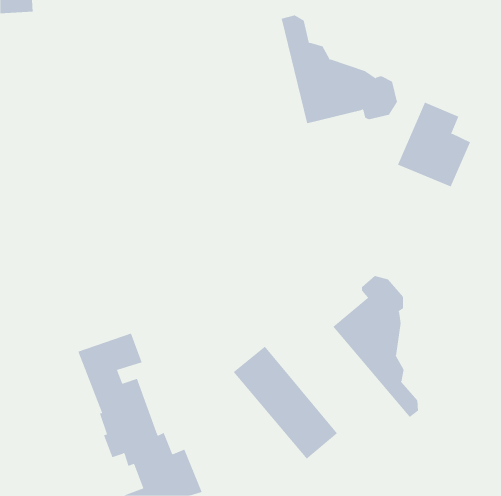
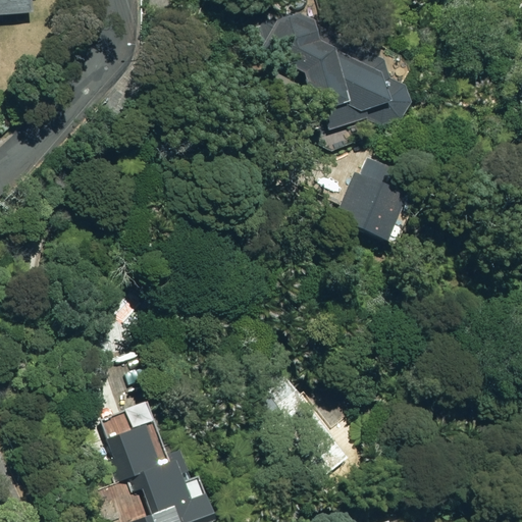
building: [397,102,471,187] -> [335,153,412,242]
building: [333,275,419,418] -> none

